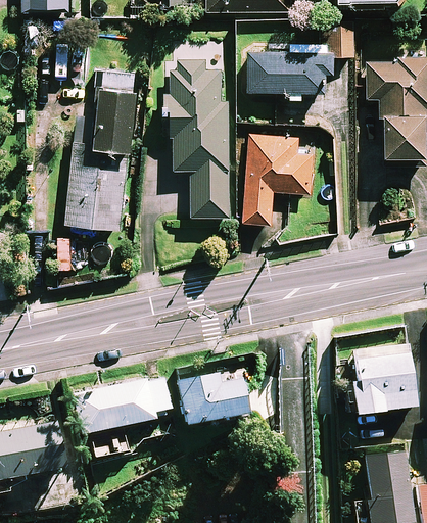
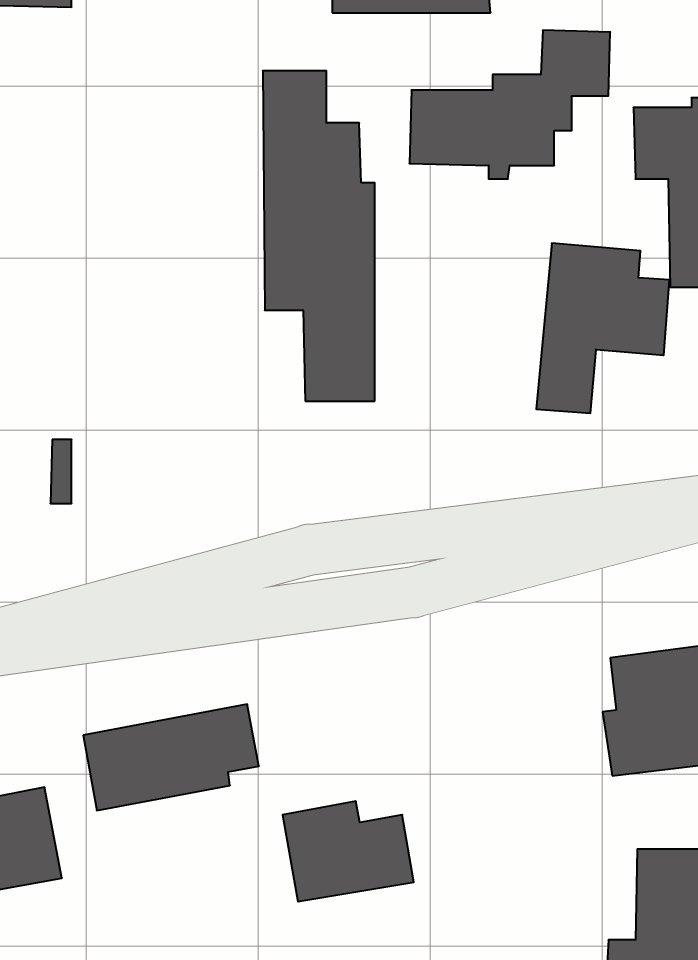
building: [65,72,135,229] -> none
building: [242,134,313,224] -> [536,243,670,413]
building: [177,372,246,425] -> [283,801,414,902]

